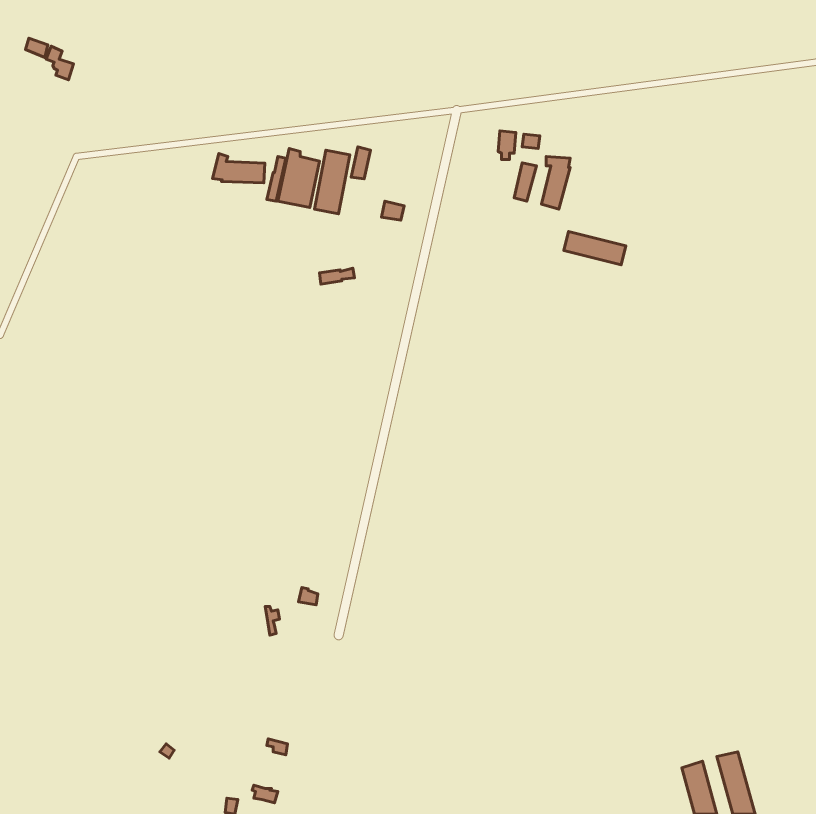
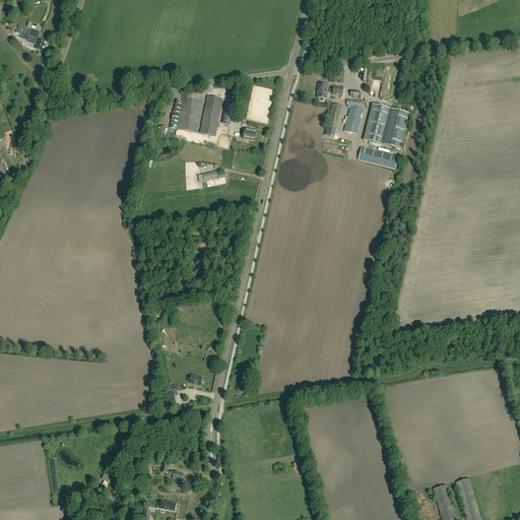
building: [213,154,265,183] -> none
building: none -> [364,104,409,149]

